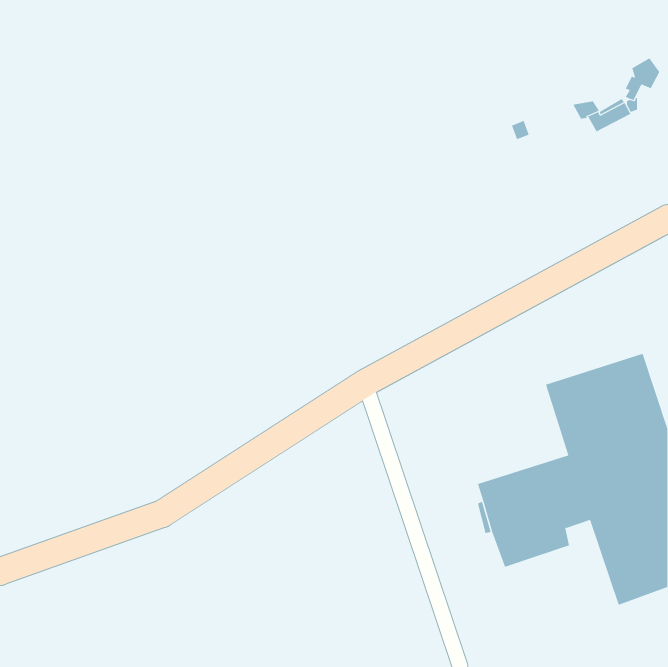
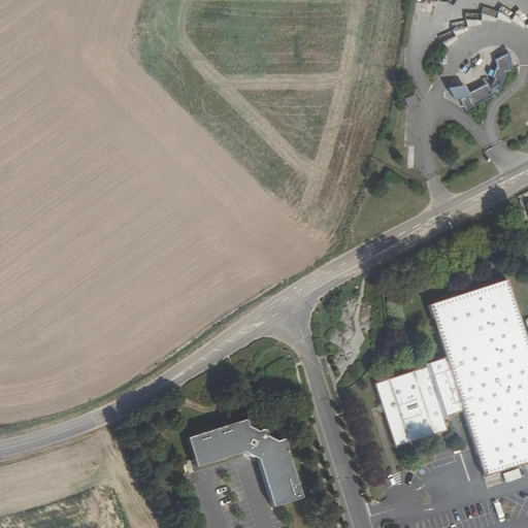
building: none -> [188,419,302,507]

